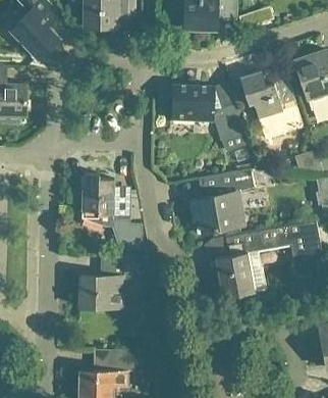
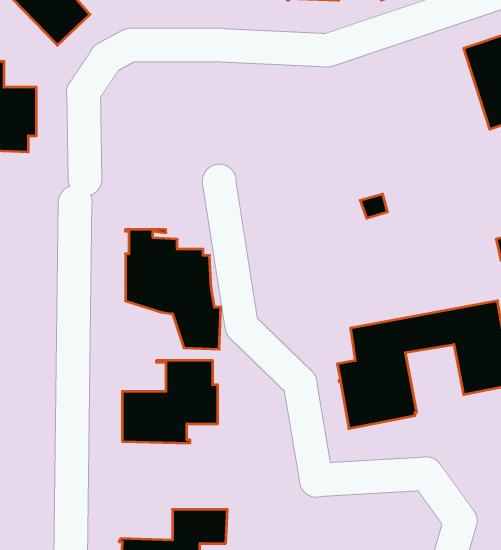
building: [239,71,304,132] -> none
building: [171,83,245,153] -> none
building: [189,169,254,233] -> none

